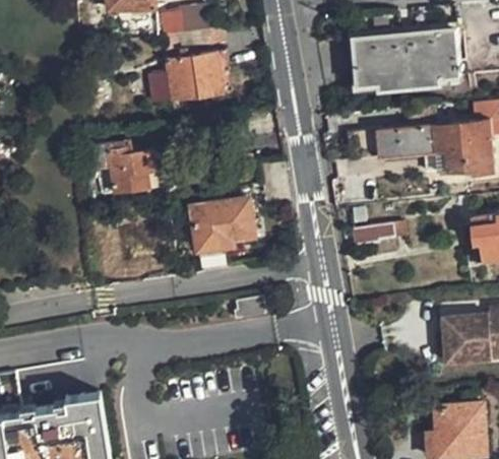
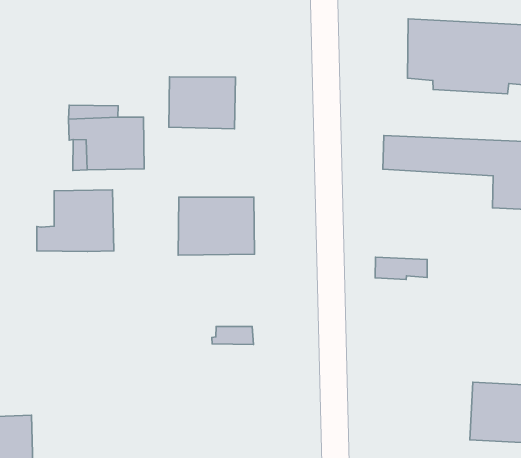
building: [166,52,223,99] -> [169,77,235,129]
building: none -> [37,190,114,251]

